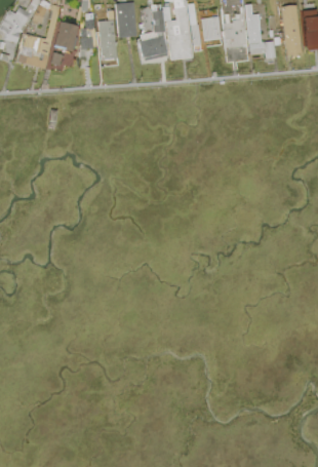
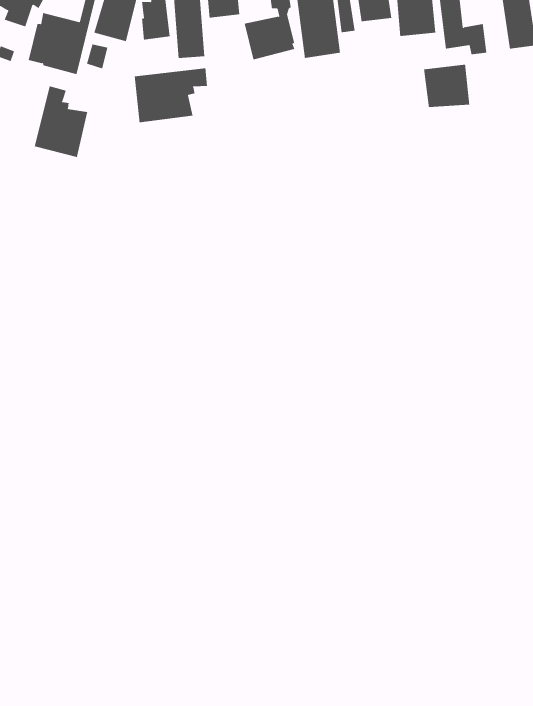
building: none -> [424,64,470,108]
building: none -> [134,68,207,123]
building: none -> [34,85,88,158]

